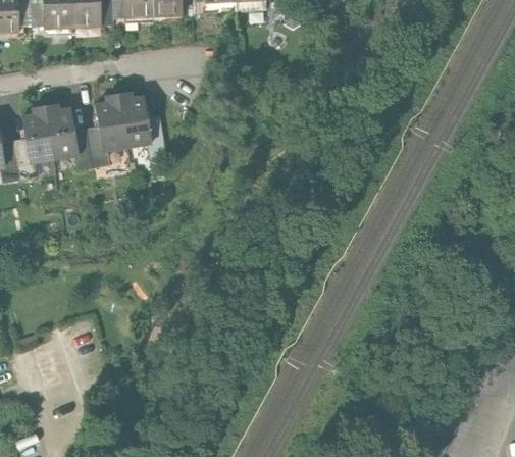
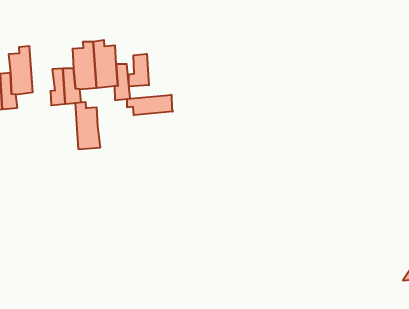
building: none -> [129,54,149,86]
building: [46,102,80,157] -> [75,102,100,149]
building: none -> [127,95,173,115]

